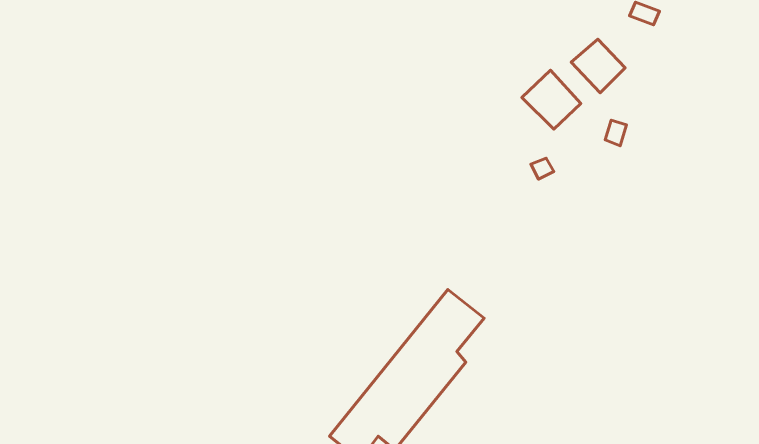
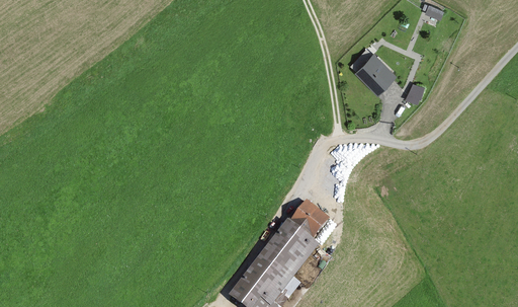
building: [571,39,625,93] -> none

